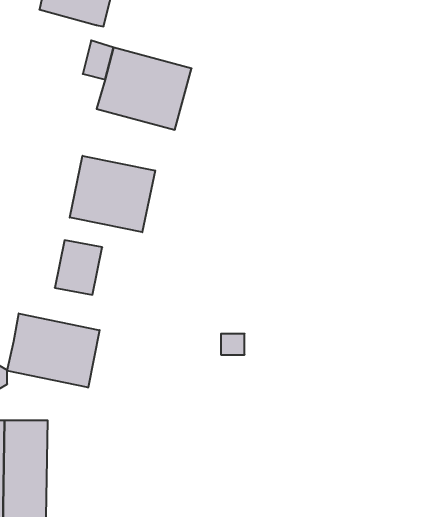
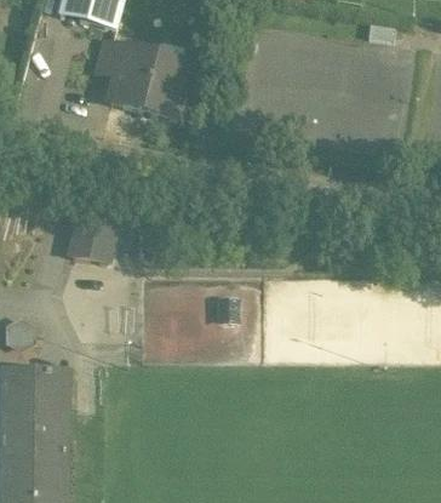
building: [70,156,155,232] -> none
building: [7,313,100,388] -> none

